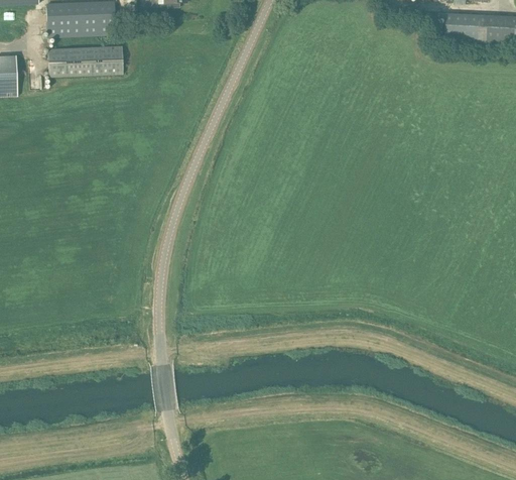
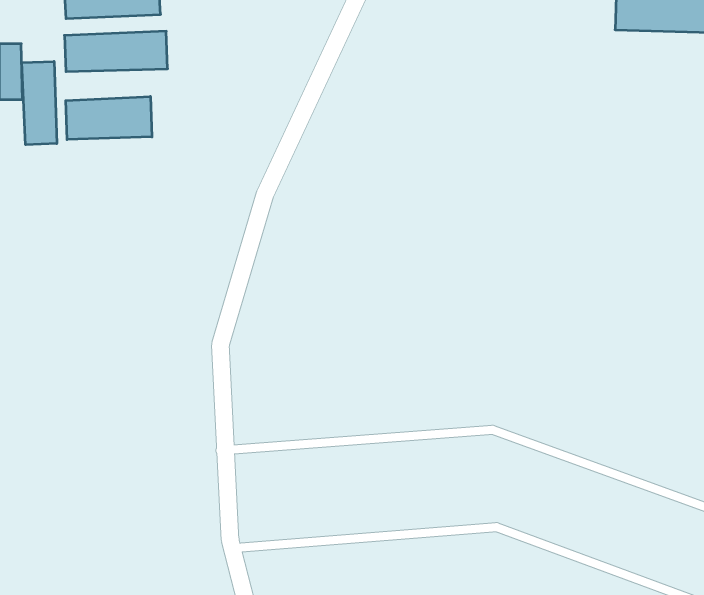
building: none -> [22,61,57,145]
building: none -> [66,96,152,140]

